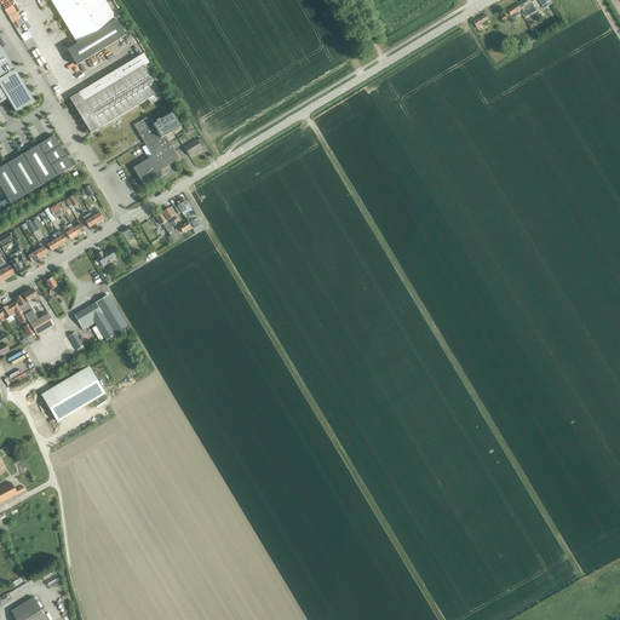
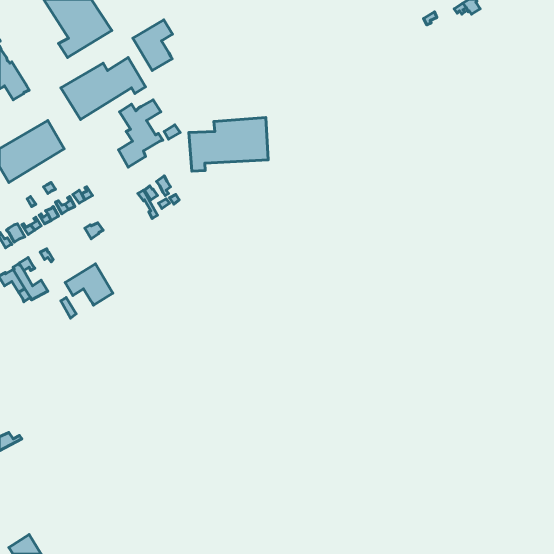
building: none -> [133,20,173,70]
building: none -> [189,118,268,171]
building: [41,367,104,420] -> none

